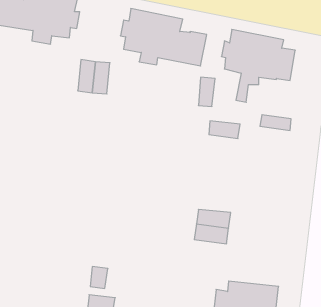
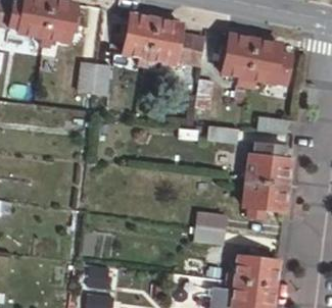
building: none -> [242,145,291,218]
building: none -> [226,252,278,286]

